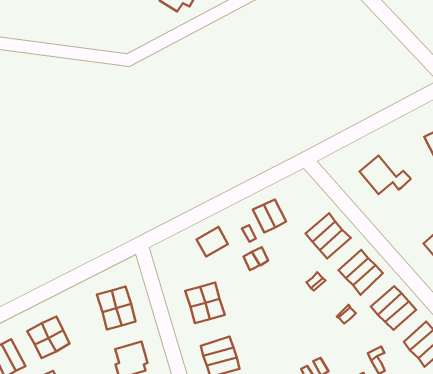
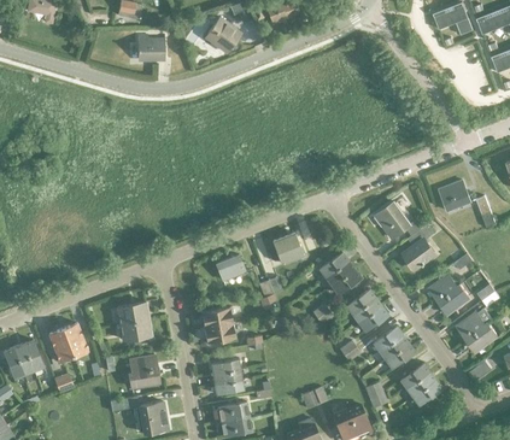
building: none -> [136,35,164,58]
building: none -> [403,223,435,269]

